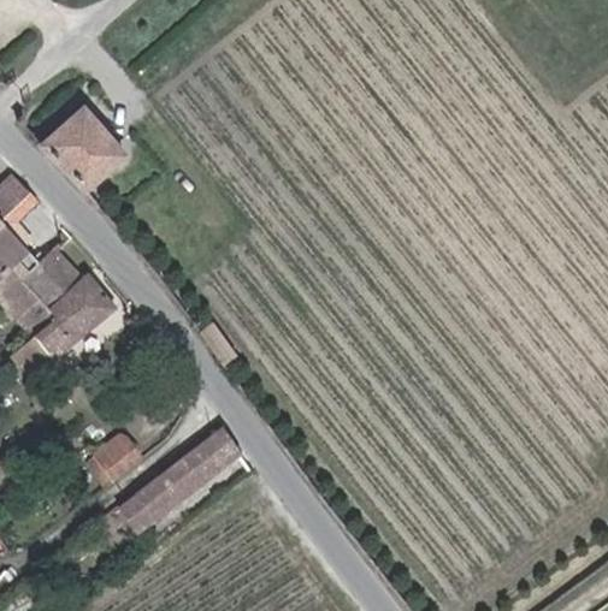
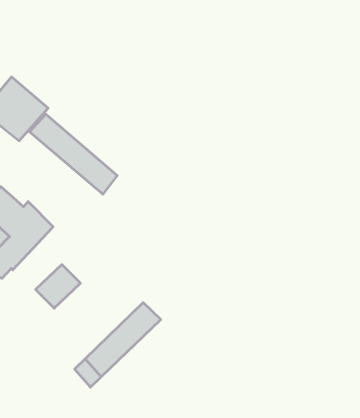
building: none -> [30,114,117,194]
building: [77,434,137,491] -> [36,265,80,308]

